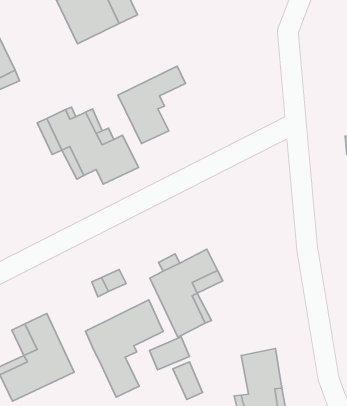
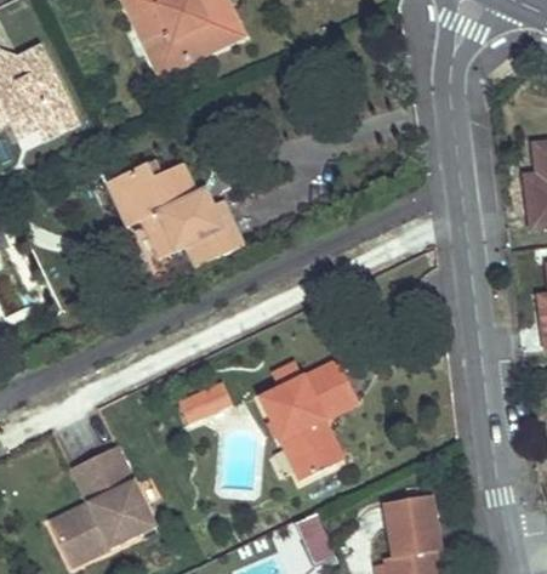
building: [118,66,185,143] -> none
building: [85,300,163,397] -> none
building: [149,337,189,370] -> none

